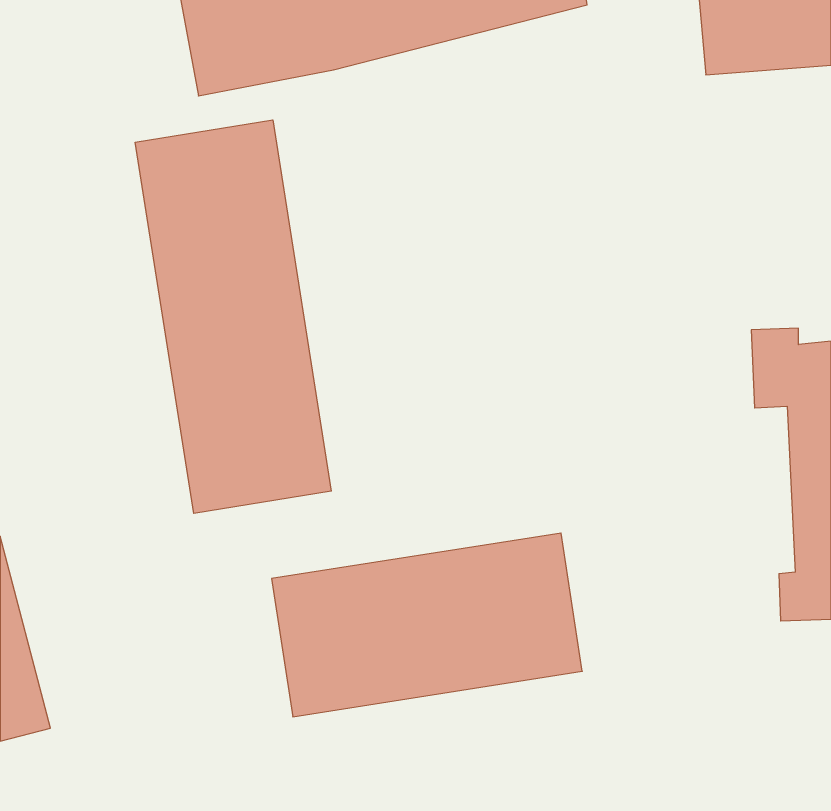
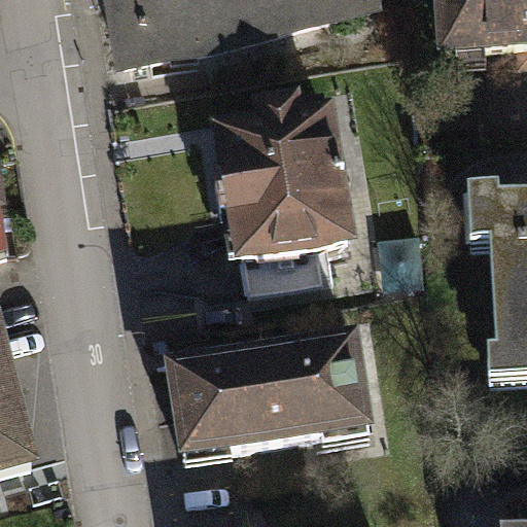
building: [135,120,331,513] -> none
building: none -> [216,101,349,290]

